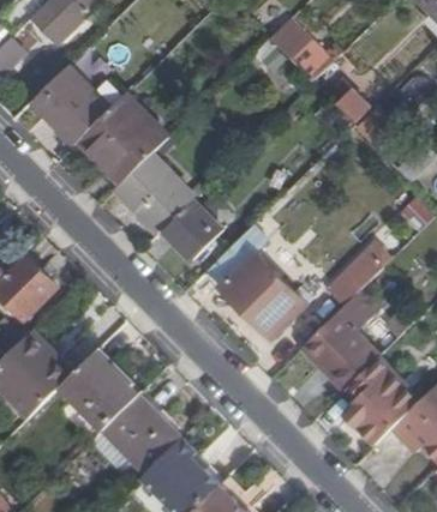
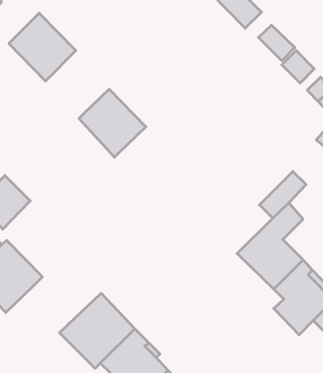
building: [77,96,164,183] -> none
building: [161,199,222,260] -> none
building: [212,228,309,341] -> none
building: [60,353,139,432] -> none

